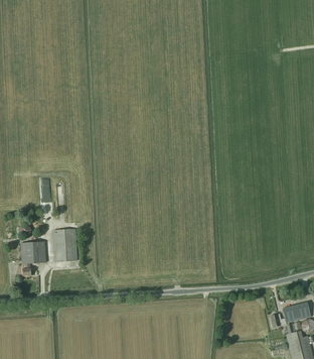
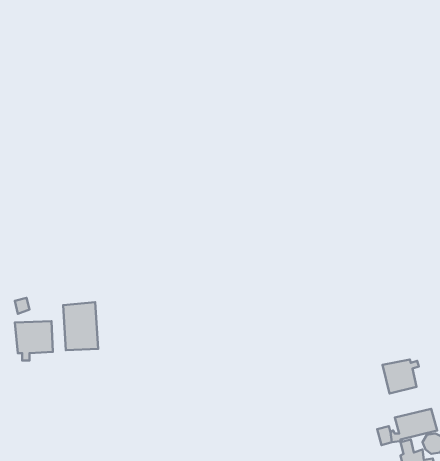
building: none -> [382,359,419,393]

